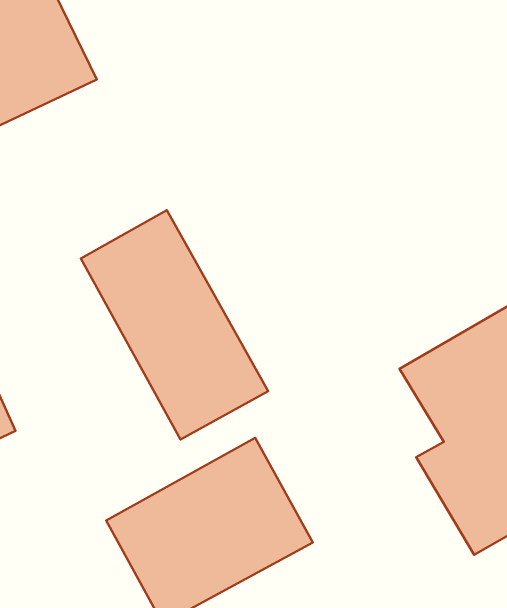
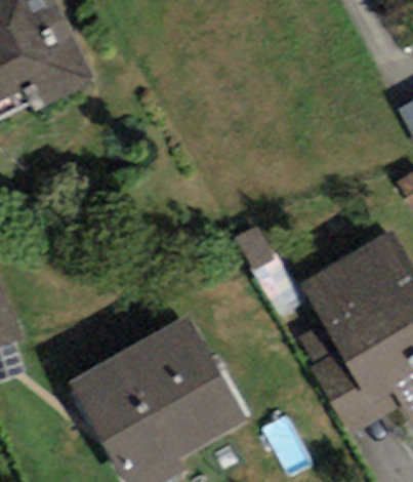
building: [81,210,268,439] -> none

